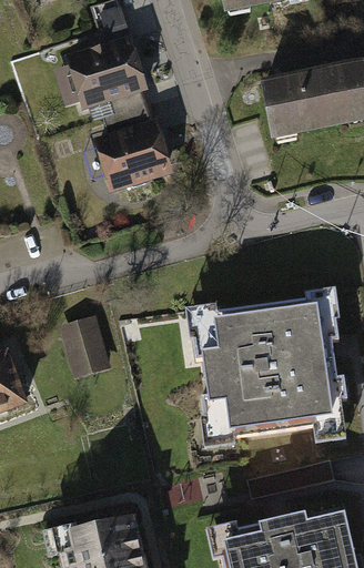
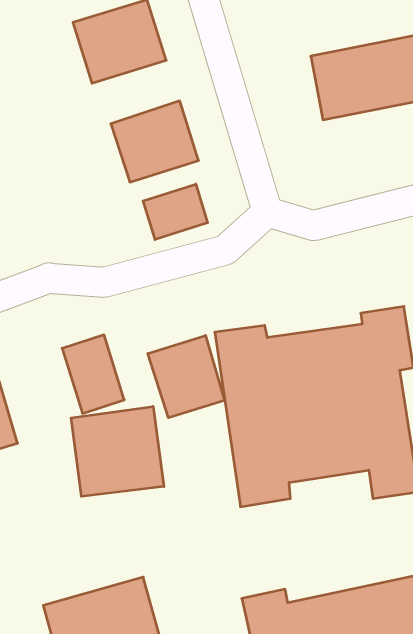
building: none -> [143,184,208,240]
building: none -> [148,335,225,418]
building: none -> [71,406,164,496]

